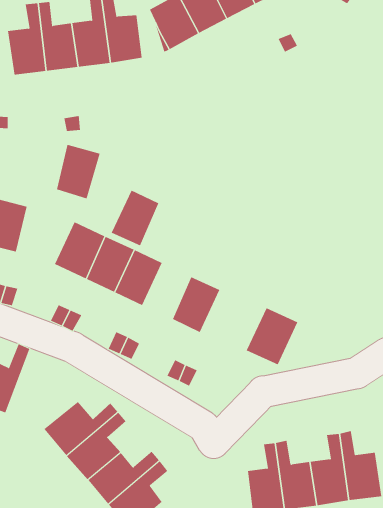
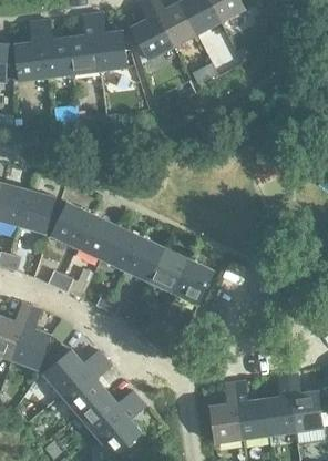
building: [56,144,100,199] -> [20,189,57,235]
building: [111,190,159,246] -> [124,236,164,283]
building: [246,308,298,365] -> [172,258,215,306]
building: none -> [11,307,59,371]

